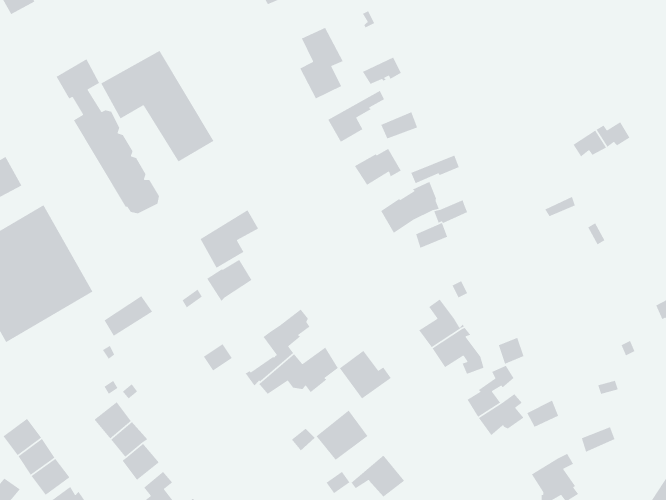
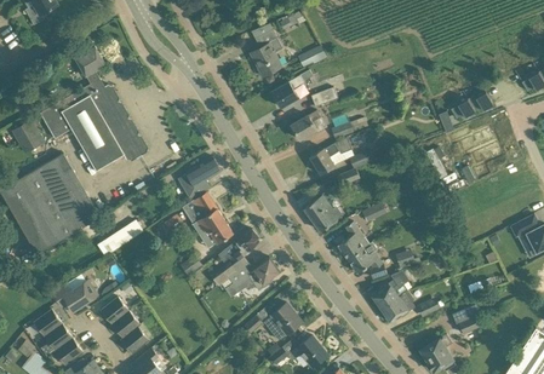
building: [100,50,215,163] -> [39,88,122,171]
building: none -> [195,208,231,243]
building: [339,350,392,400] -> [303,195,342,231]
building: none -> [52,274,97,311]

